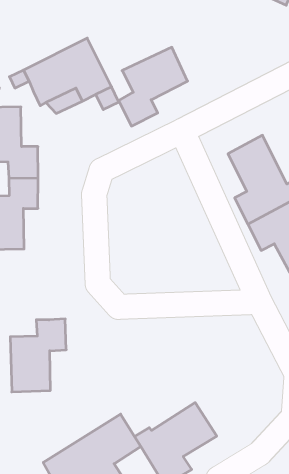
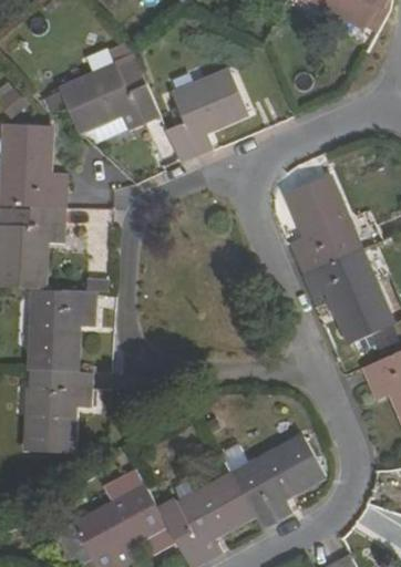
building: none -> [24,287,91,370]
building: none -> [230,437,325,530]

